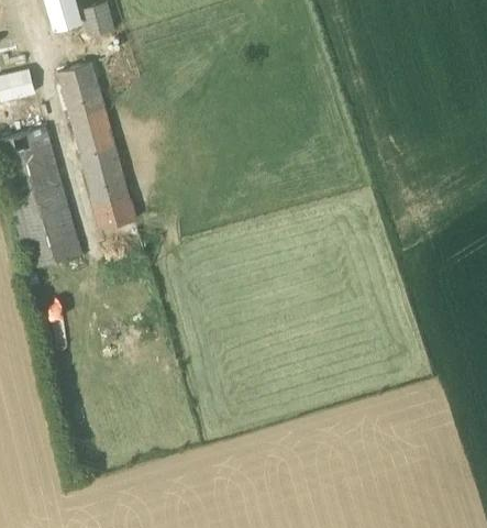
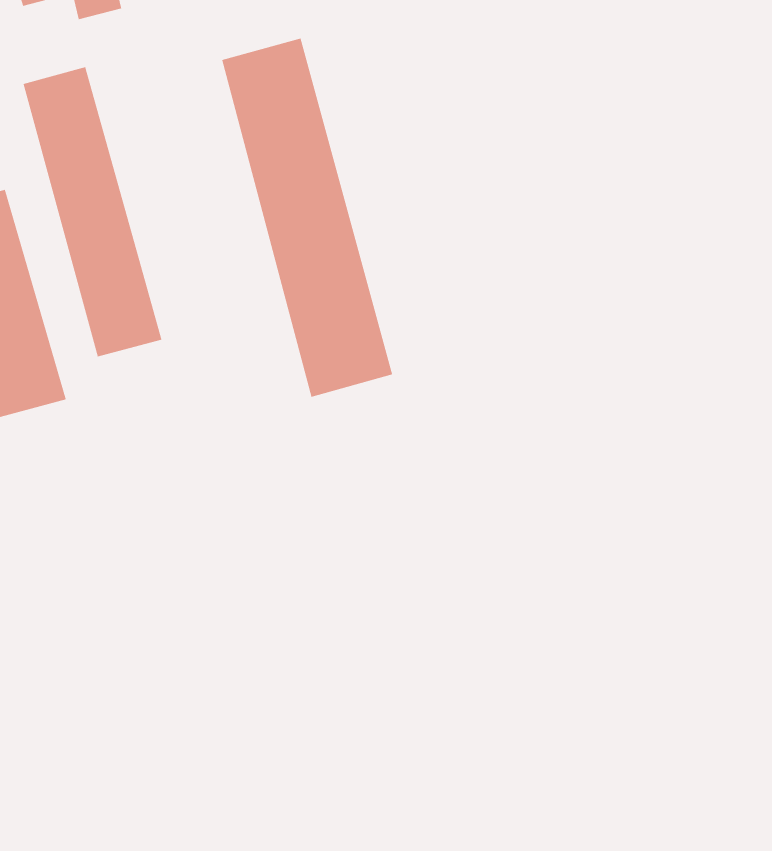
building: none -> [221,38,393,398]

